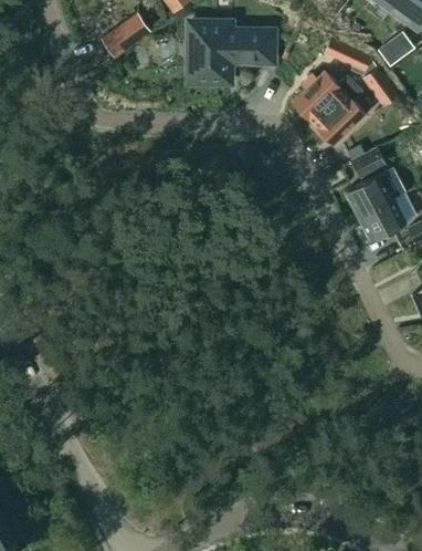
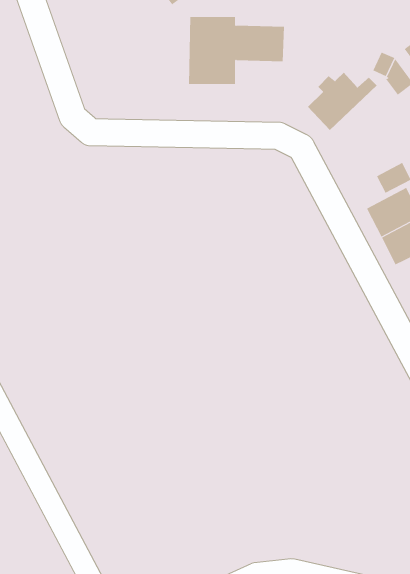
building: [102,13,150,56] -> none
building: [313,83,365,143] -> none

